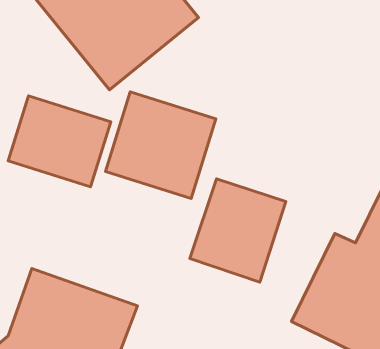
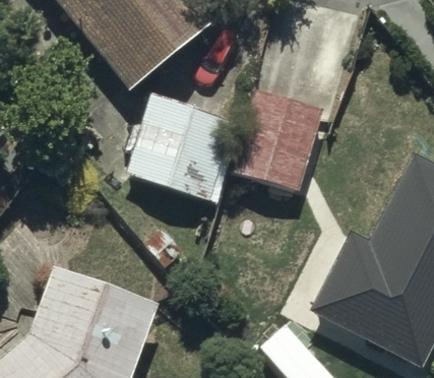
building: [8,96,111,187] -> none
building: [190,179,286,282] -> [229,88,323,190]

